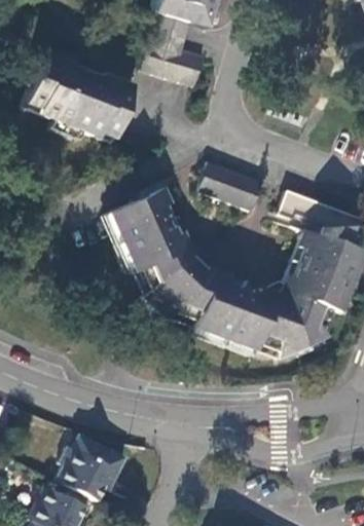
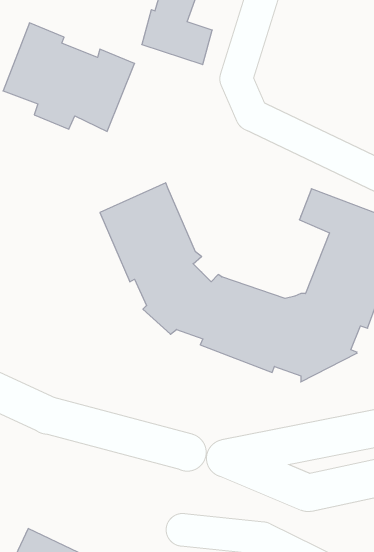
building: [198,164,262,212] -> none
building: [57,438,126,500] -> none

